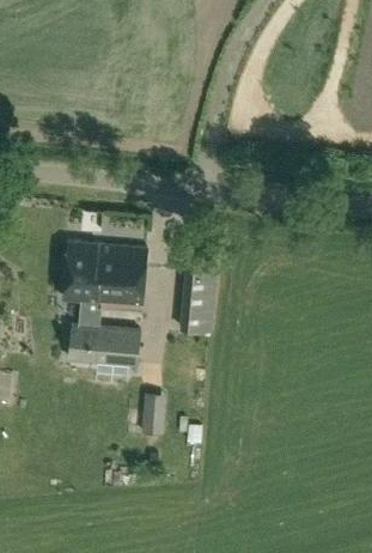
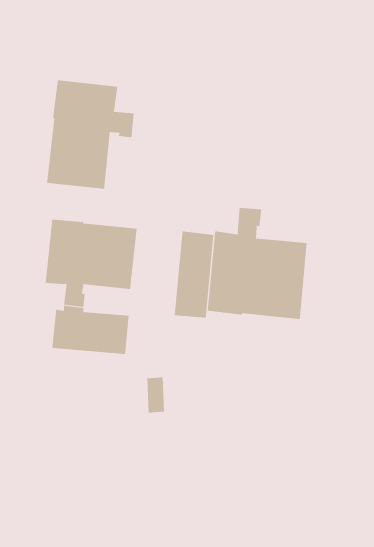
building: none -> [47,79,134,190]
building: none -> [207,207,307,320]

